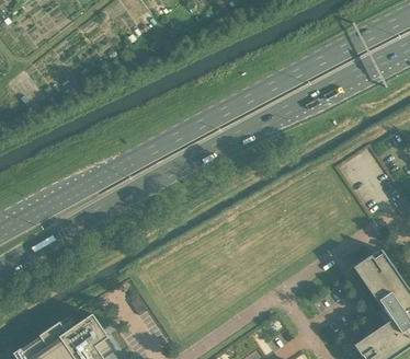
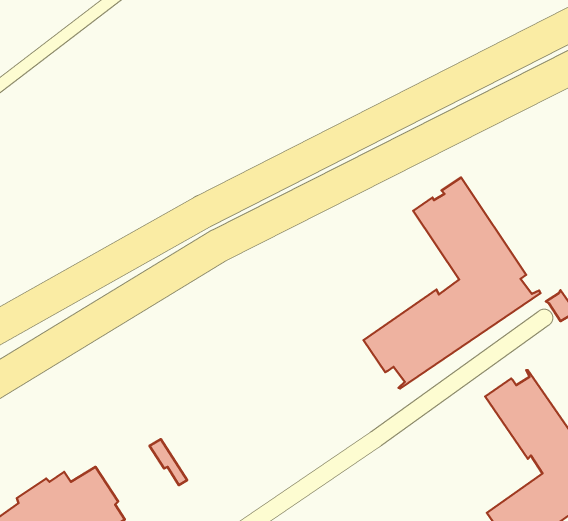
building: none -> [363,177,540,389]

